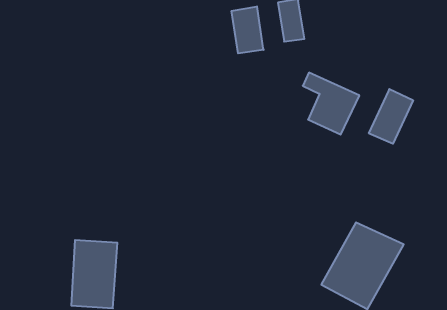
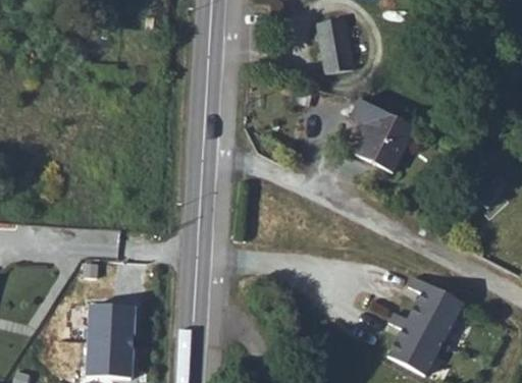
building: [232,6,264,53] -> none
building: [369,89,413,144] -> none

